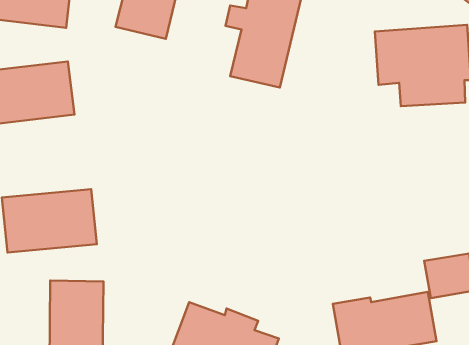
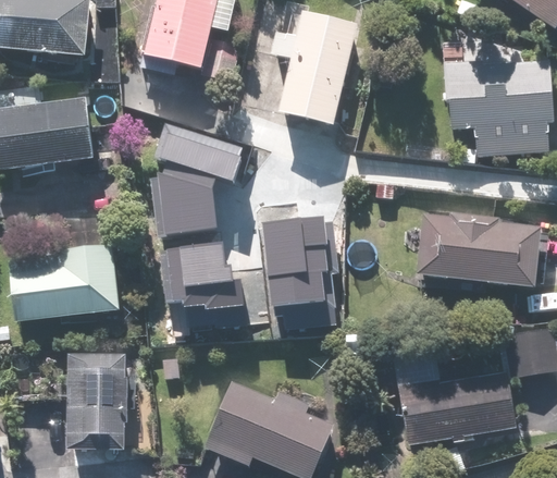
building: none -> [159,119,243,228]
building: none -> [411,212,539,287]
building: none -> [272,224,339,318]
building: none -> [168,234,269,321]

